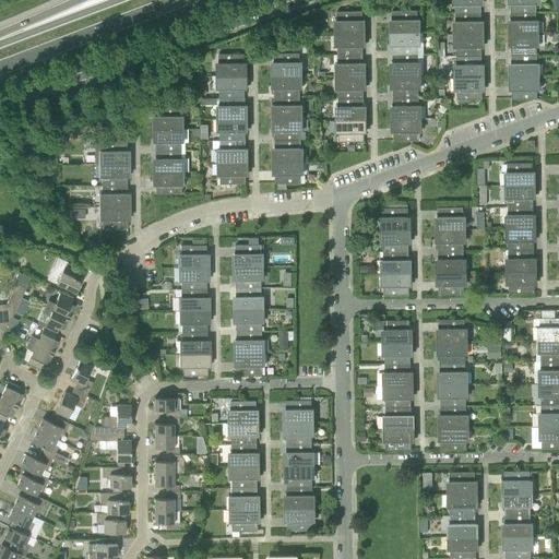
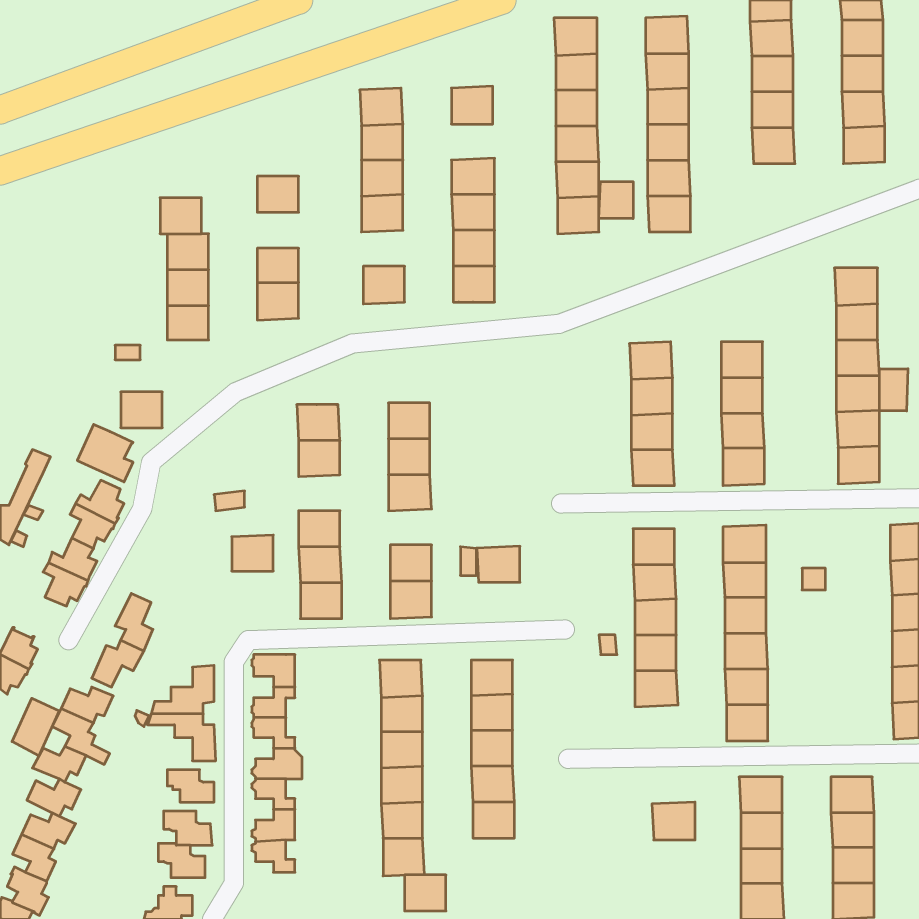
building: [274,75,300,97] -> none
building: none -> [599,182,633,219]
building: [156,129,181,151] -> [160,198,201,234]
building: [219,140,246,162] -> none
building: [102,206,127,228] -> [121,392,162,428]
building: none -> [879,369,908,411]
building: [181,288,206,310] -> [232,535,273,571]
building: [236,309,262,331] -> [477,546,520,582]
building: none -> [12,698,59,756]
building: [385,428,412,451] -> [652,802,695,840]
building: [287,509,312,531] -> [405,875,446,911]

